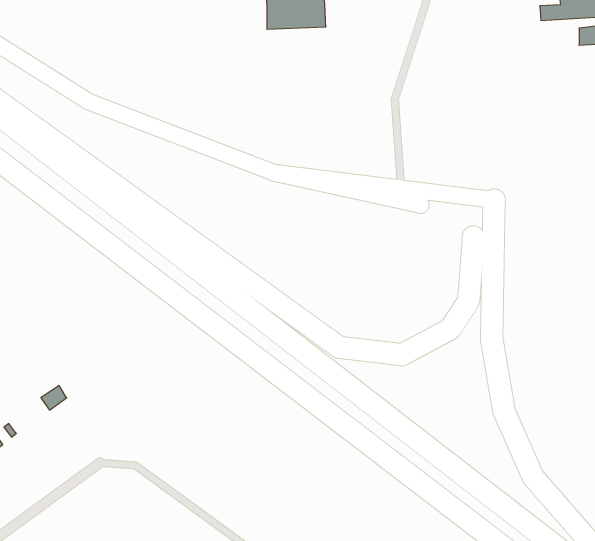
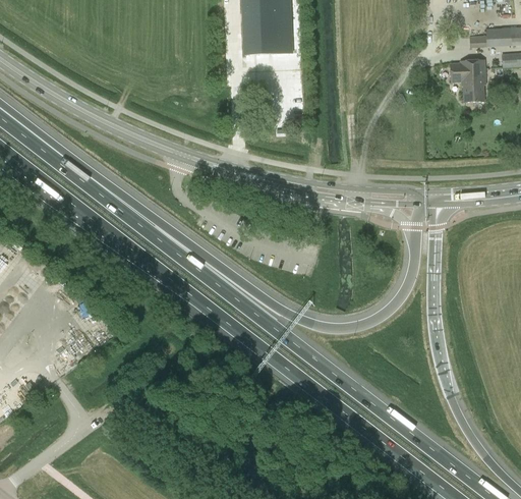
building: none -> [450,59,485,102]

